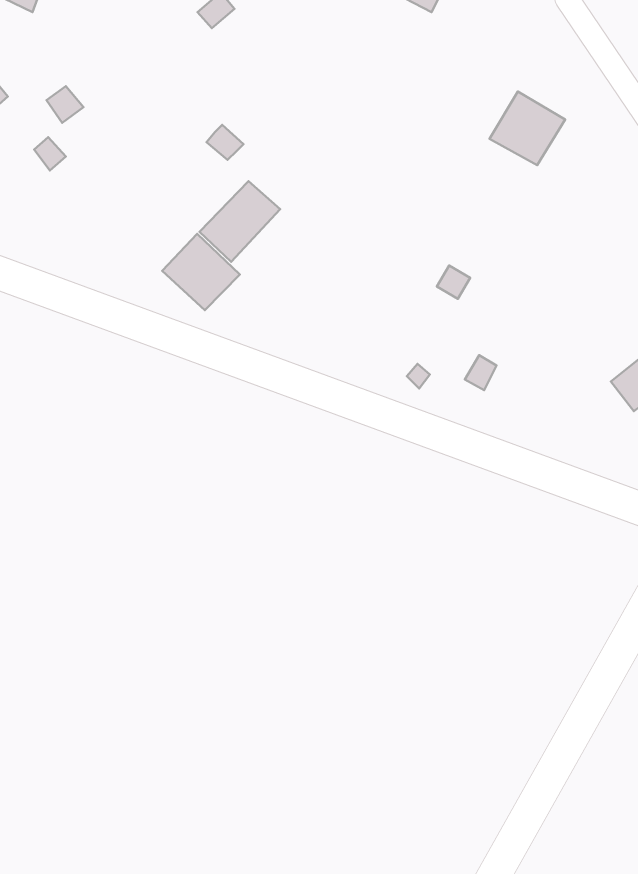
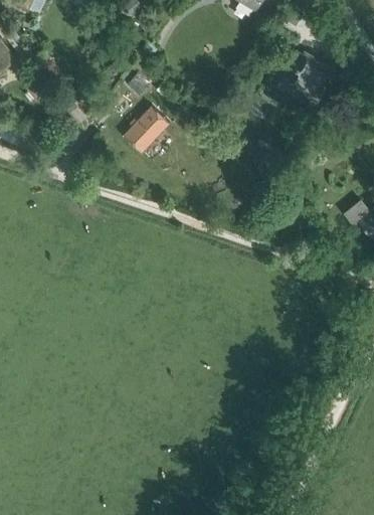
building: [162,234,240,310] -> none

